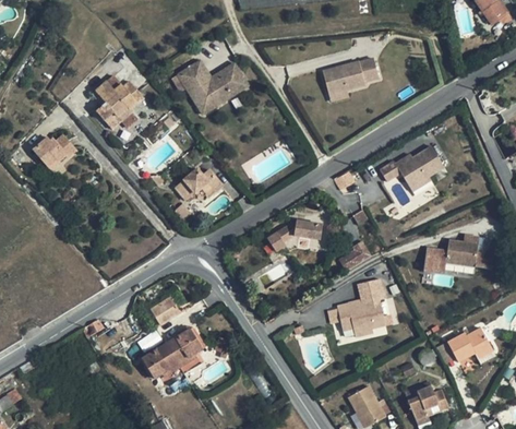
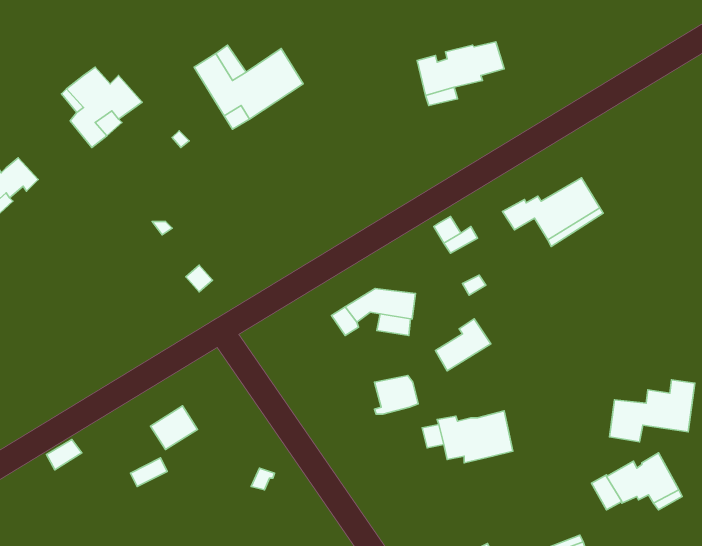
building: [175,168,224,200] -> none
building: [423,233,479,273] -> [609,380,695,442]
building: [357,278,385,303] -> [374,375,418,414]
building: [140,325,203,379] -> none

